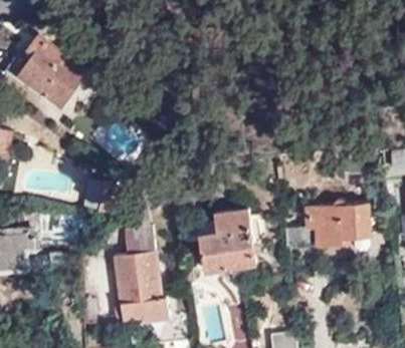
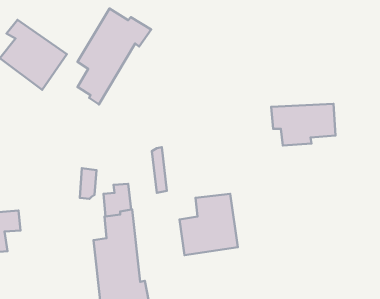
building: none -> [77,9,151,104]
building: [306,201,371,243] -> [271,104,335,145]

